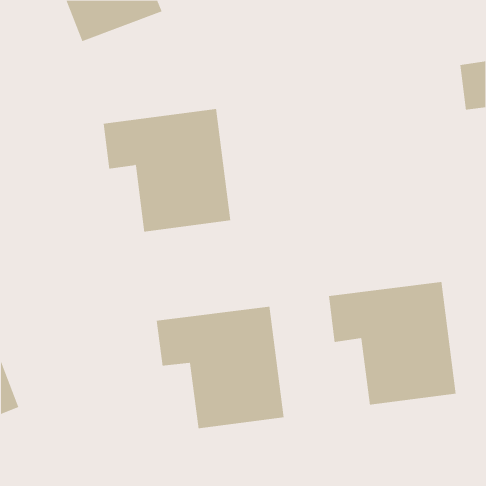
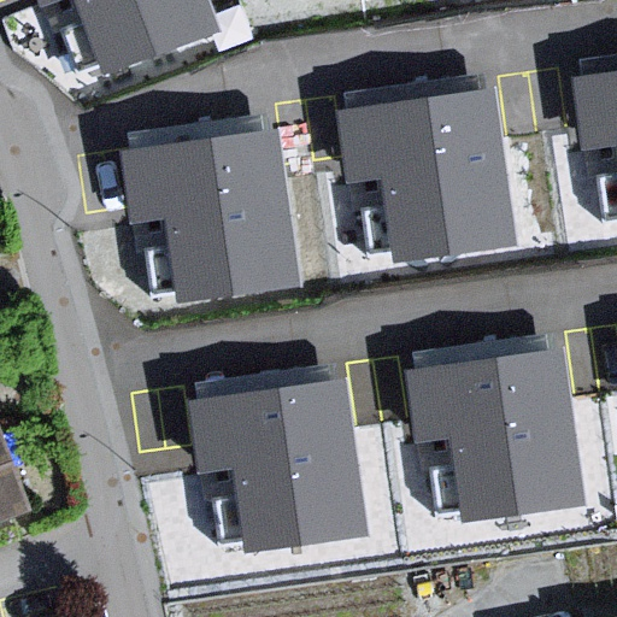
building: none -> [346,98,510,254]

